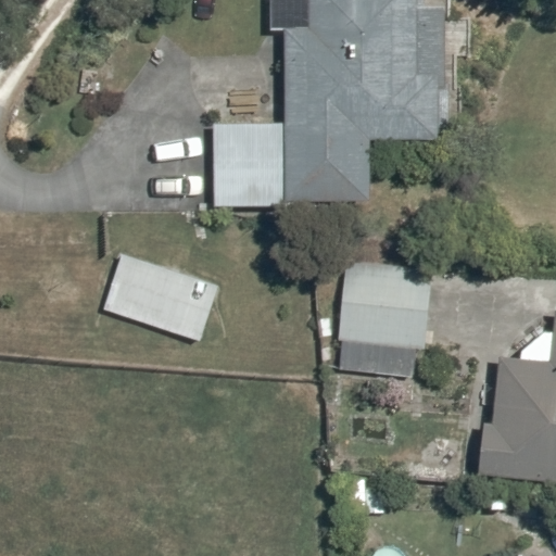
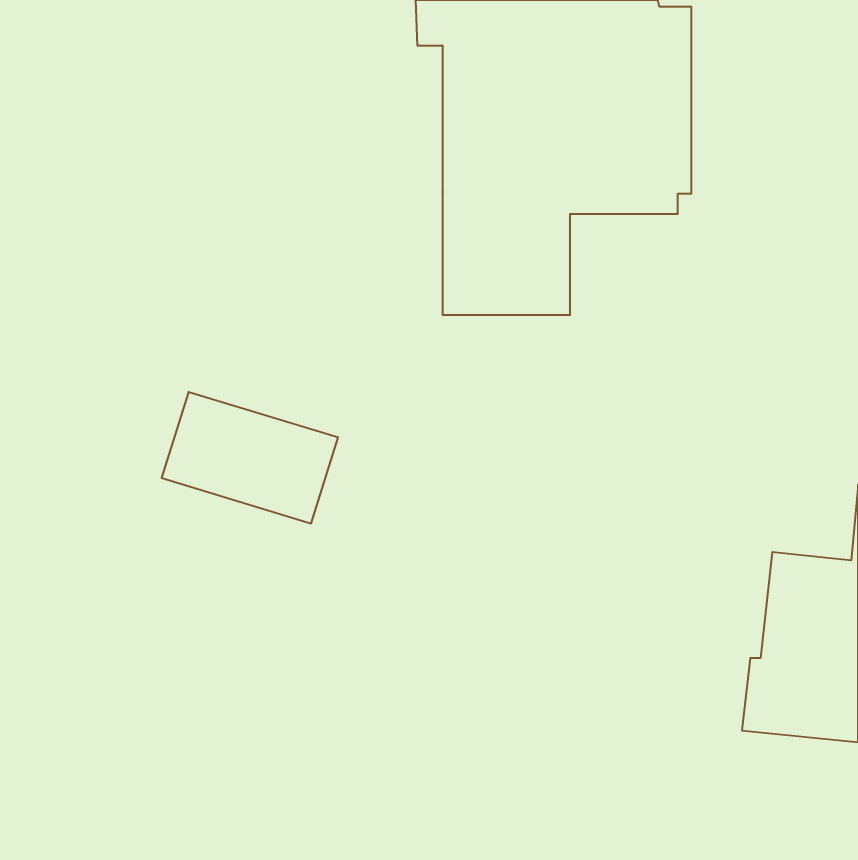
building: [216,124,286,203] -> none
building: [336,260,431,377] -> none

